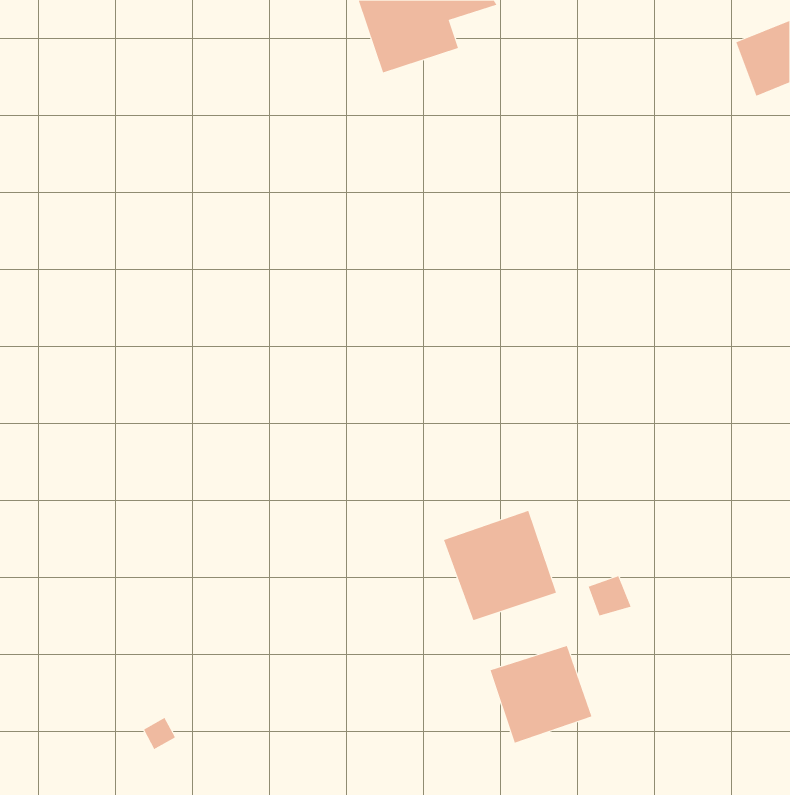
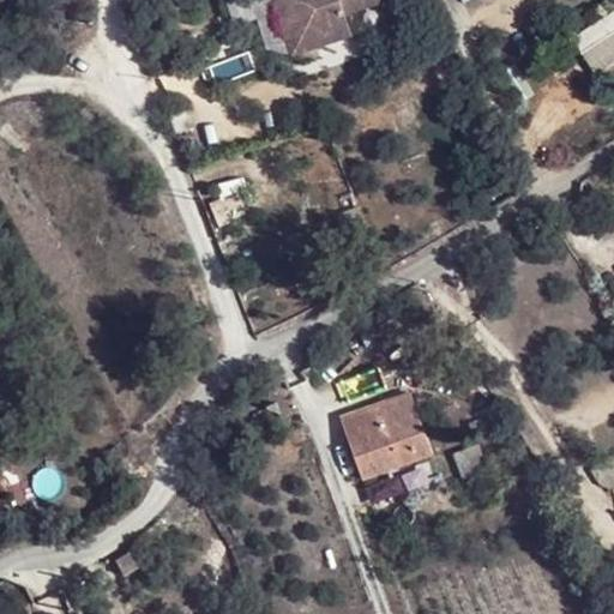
building: [490,645,592,743] -> none

